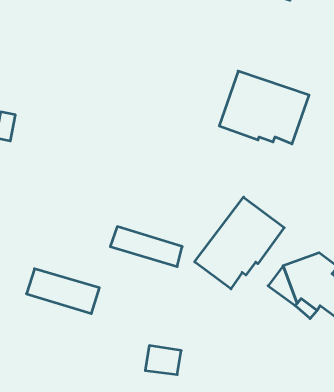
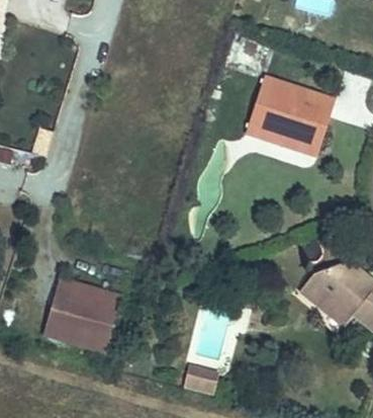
building: [195,197,284,289] -> none
building: [110,227,182,267] -> [44,303,117,343]

